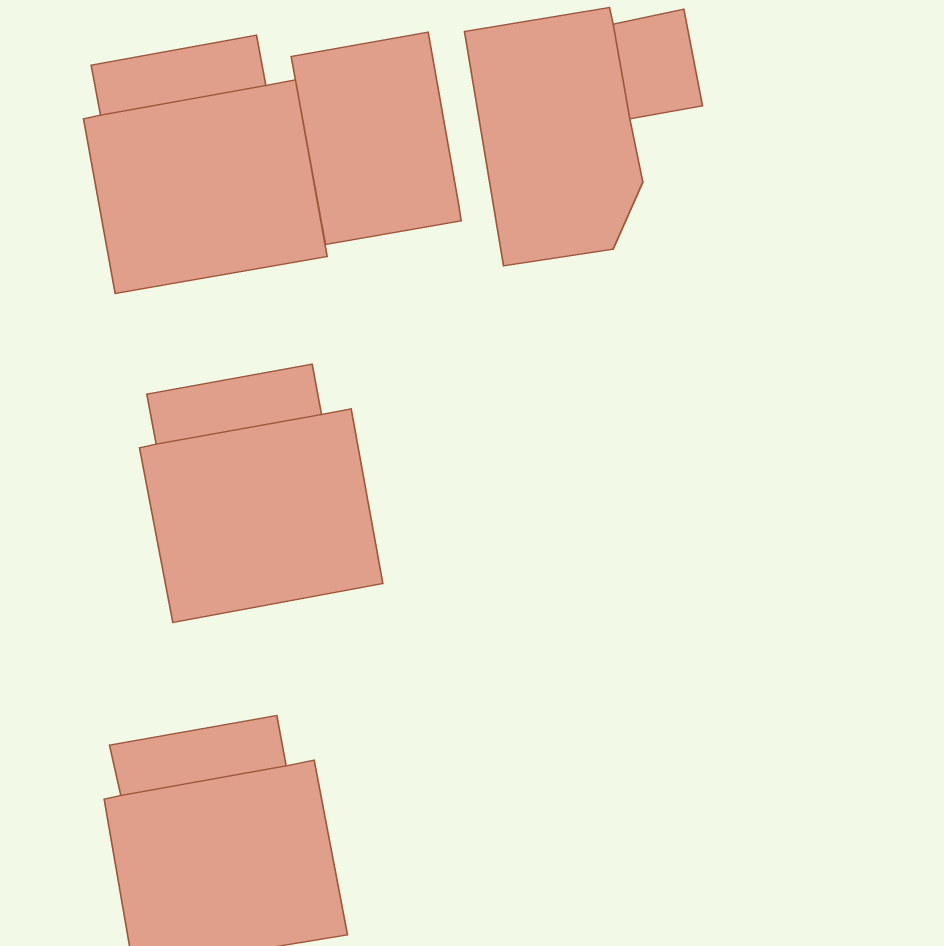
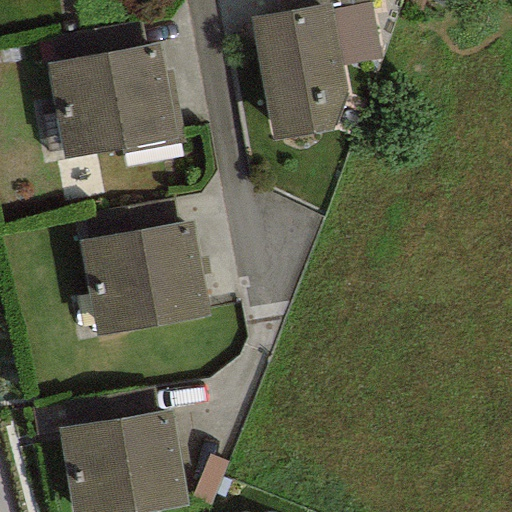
building: [291,32,461,245] -> none

